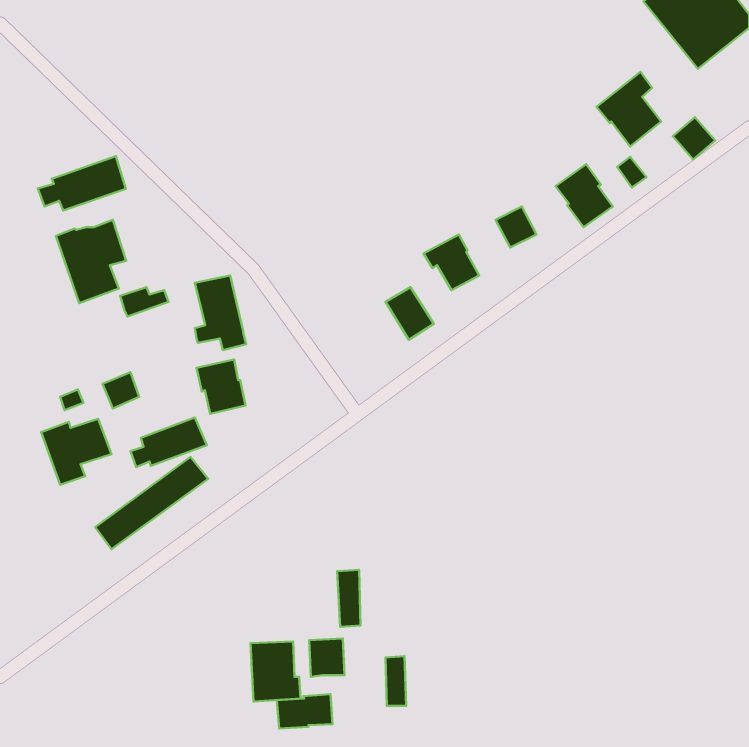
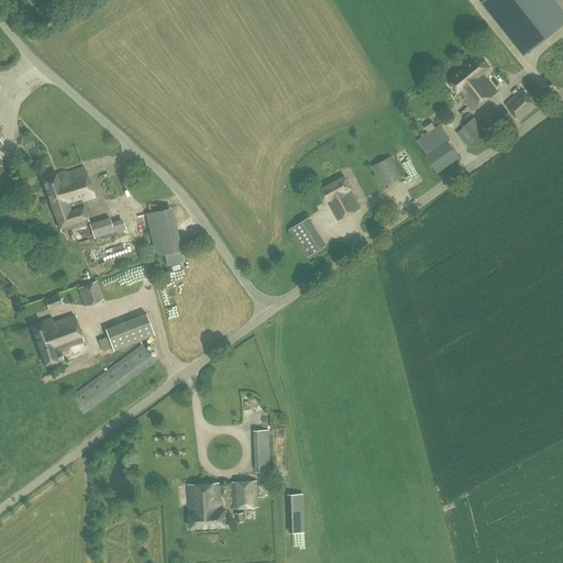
building: [38,156,126,211] -> none
building: [197,360,246,414] -> none
building: [277,694,332,728] -> none

